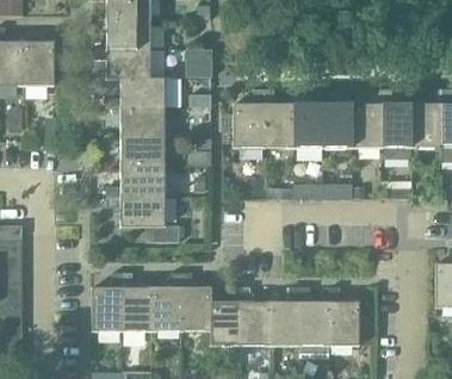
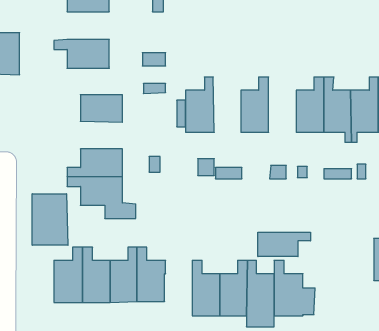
building: [105,18,150,48] -> none
building: [119,77,165,107] -> none
building: [262,88,292,148] -> none
building: [322,88,352,148] -> none
building: [119,136,165,166] -> none
building: none -> [32,194,68,245]
building: none -> [258,232,310,257]
building: [209,300,240,346] -> none

